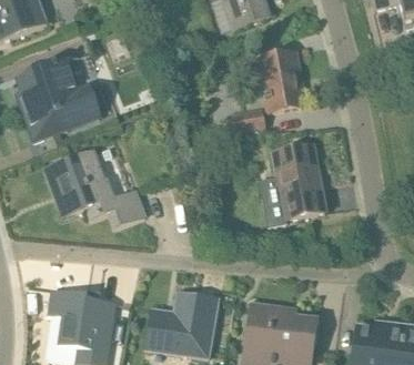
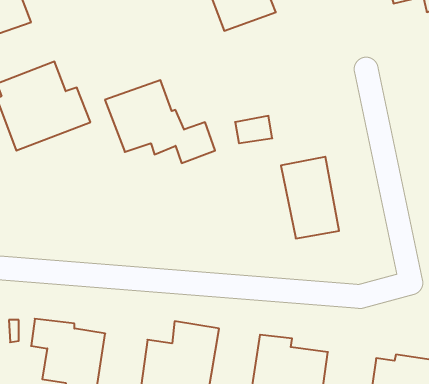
building: [255,52,301,112] -> none
building: [44,151,143,225] -> [105,80,215,163]

